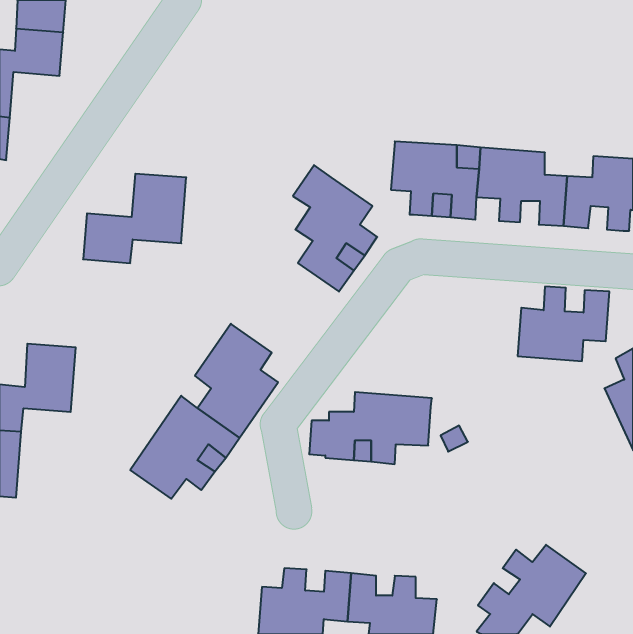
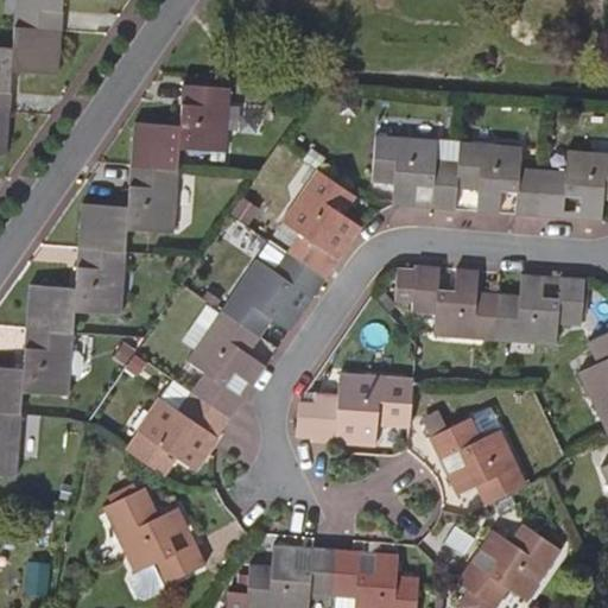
building: none -> [129,86,229,170]
building: none -> [221,240,324,337]
building: none -> [26,248,125,332]
building: none -> [395,267,499,341]
building: none -> [430,420,528,506]
building: none -> [104,487,209,600]

